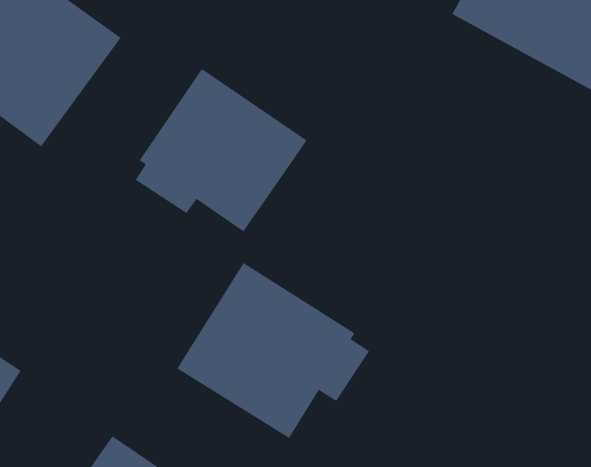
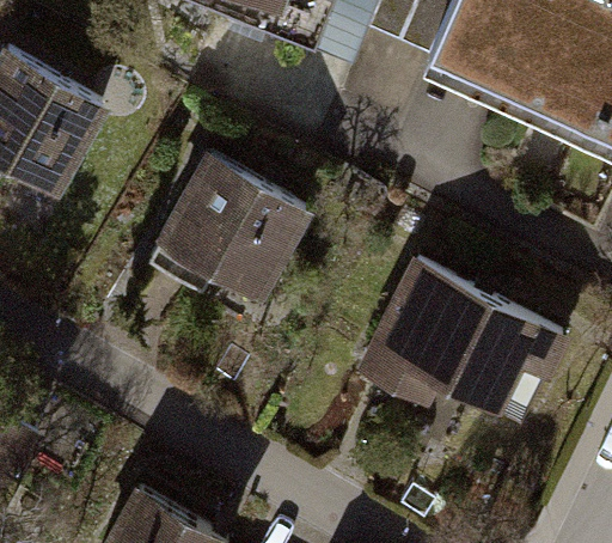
building: none -> [350,249,562,422]
building: [176,262,370,439] -> none

